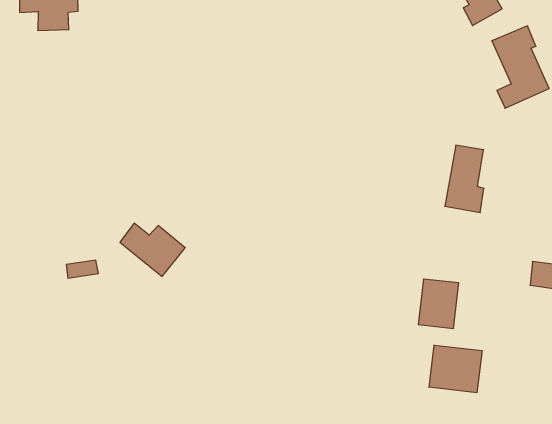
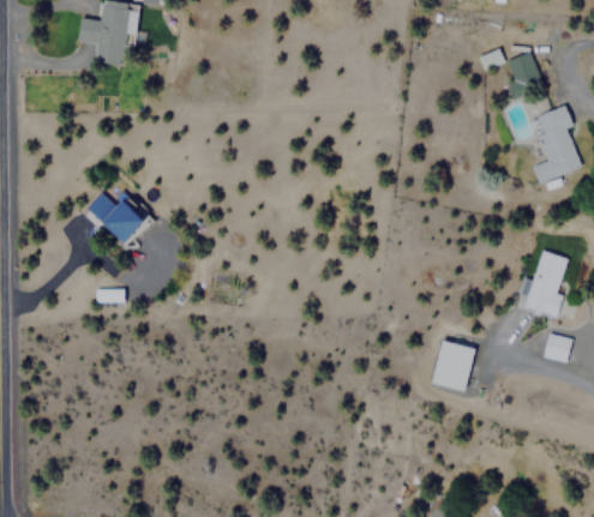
building: [445,145,484,213] -> [523,251,566,318]
building: [120,223,185,276] -> [86,192,149,246]
building: [429,345,482,393] -> none

